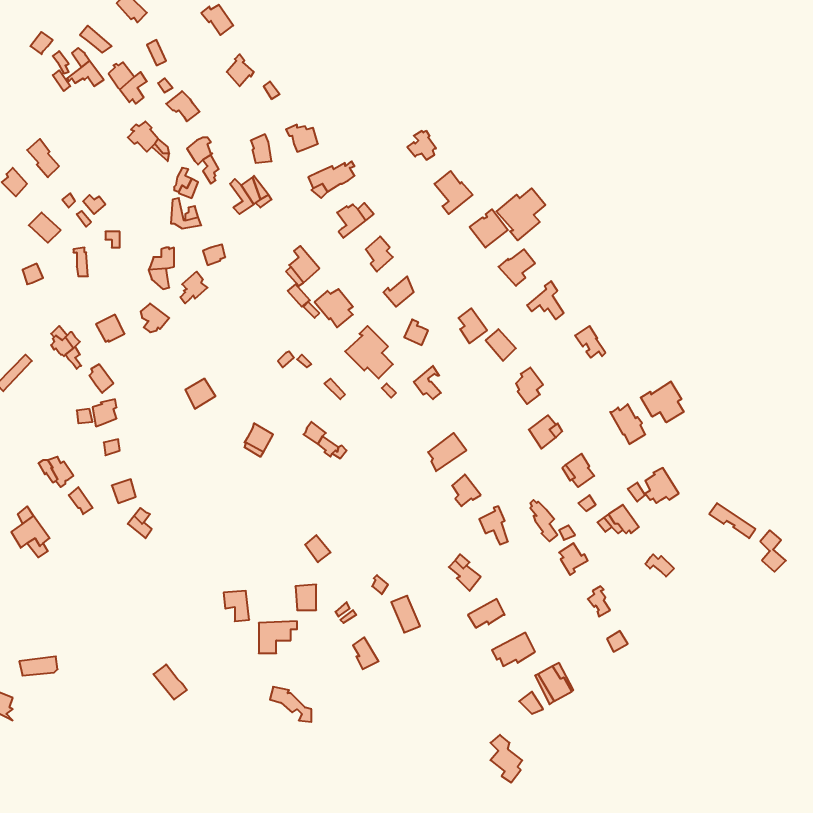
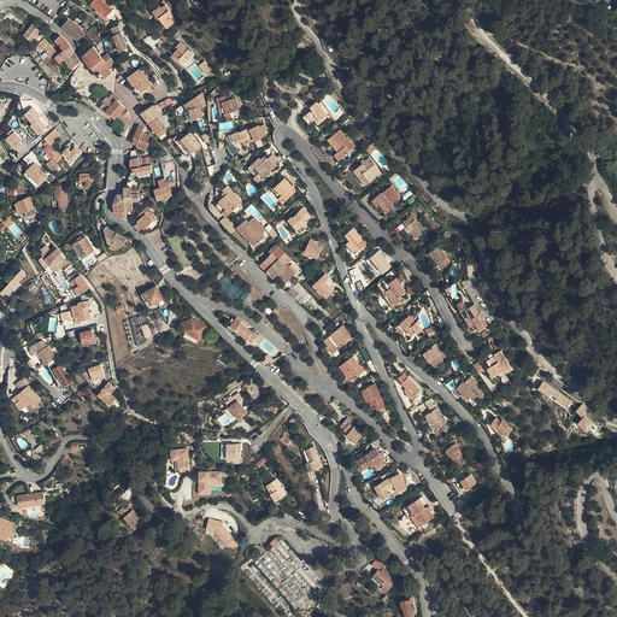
building: [496,188,545,240] -> none
building: [641,381,684,422] -> none

